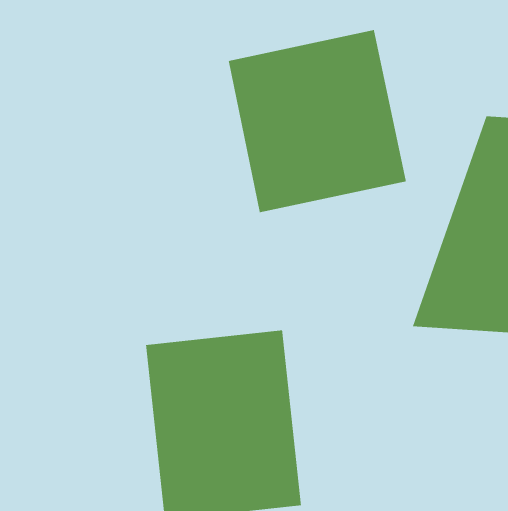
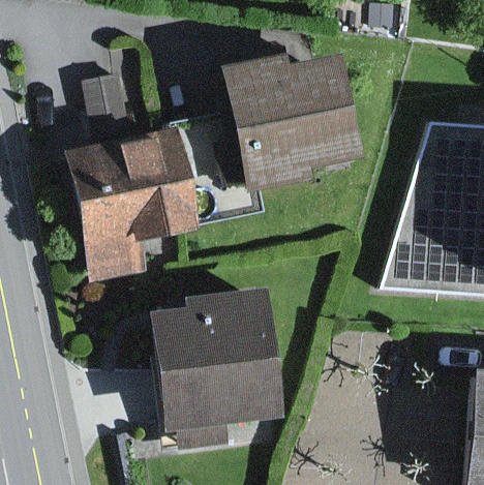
building: none -> [75,132,211,284]

